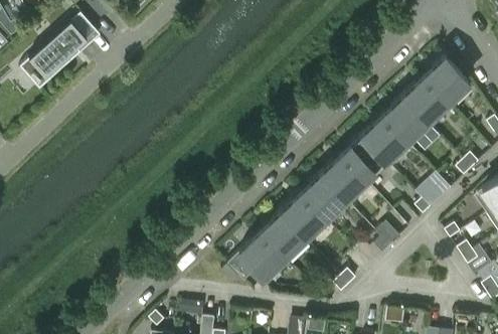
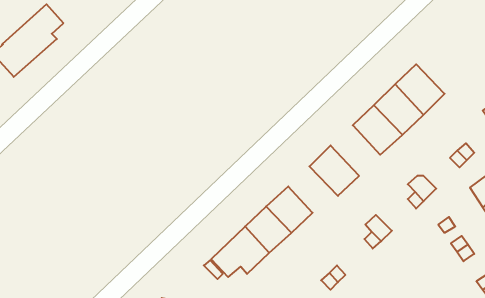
building: [424,57,469,106] -> none
building: [342,136,389,184] -> none
building: [302,175,349,219] -> none

